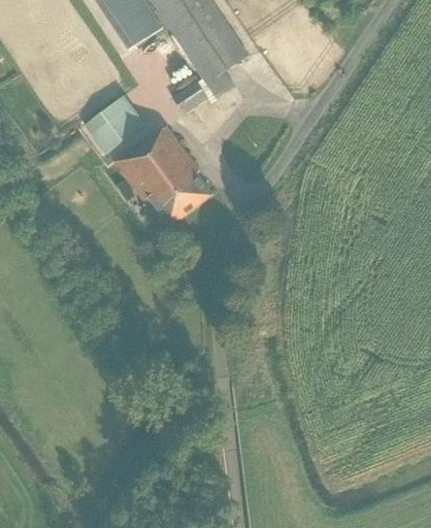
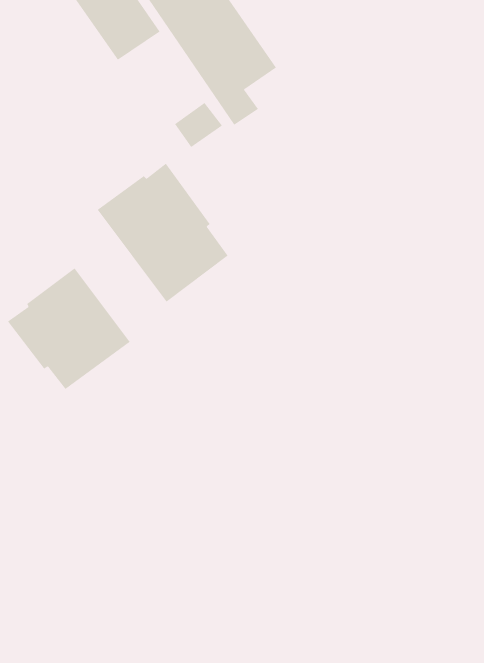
building: [85,95,145,153] -> none
building: none -> [7,267,130,390]

